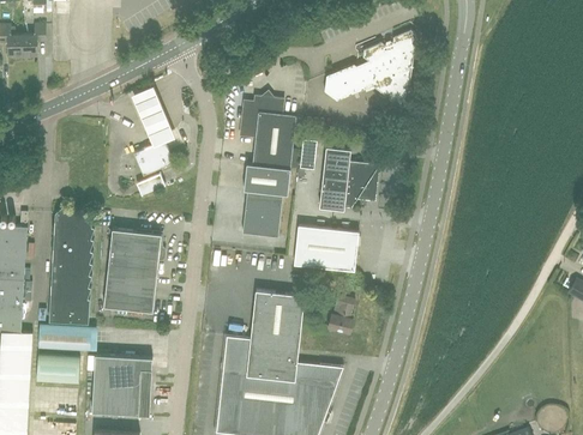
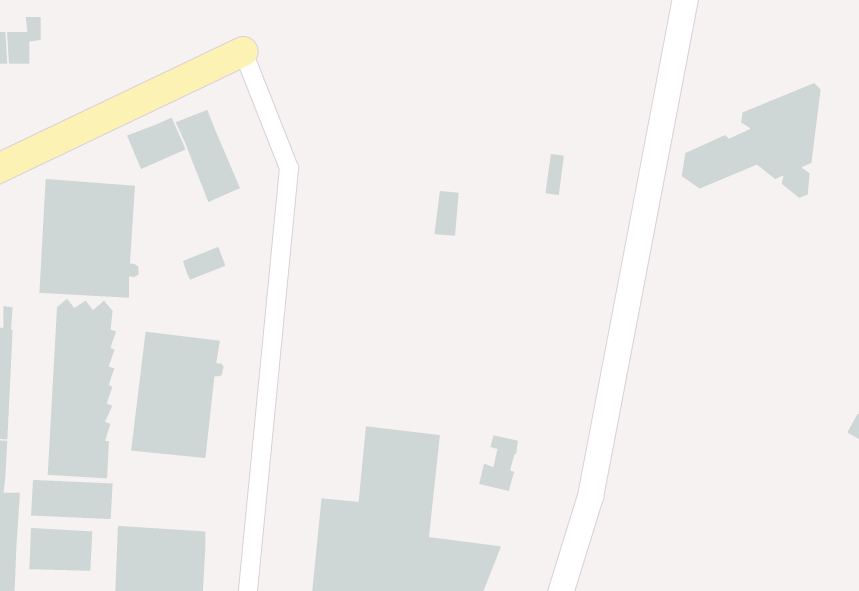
building: [323,31,414,107] -> [681,82,821,199]
building: [239,96,295,195] -> none
building: none -> [39,178,139,299]
building: [133,141,173,176] -> [126,117,187,170]
building: [319,147,378,210] -> none
building: [241,198,281,237] -> none
building: [293,225,357,271] -> none

